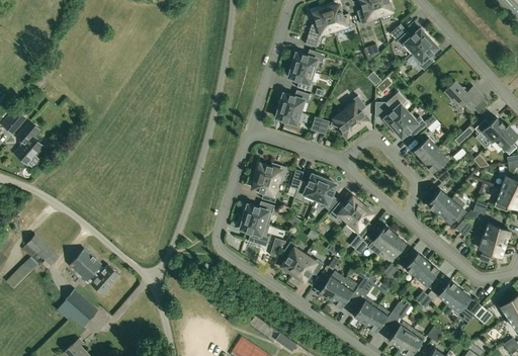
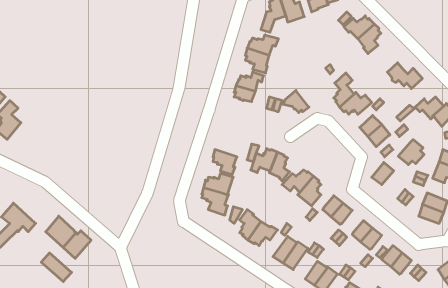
building: [343,96,367,129] -> none
building: [255,163,286,184] -> none
building: [438,196,466,224] -> [398,140,424,165]

